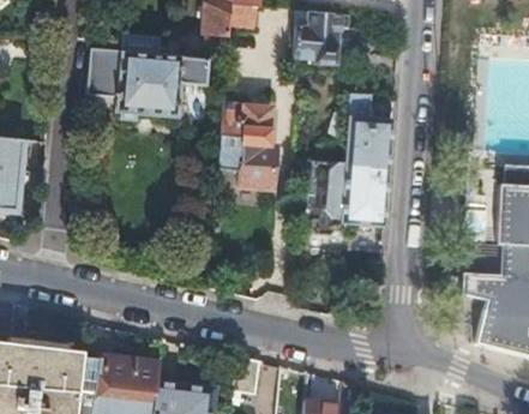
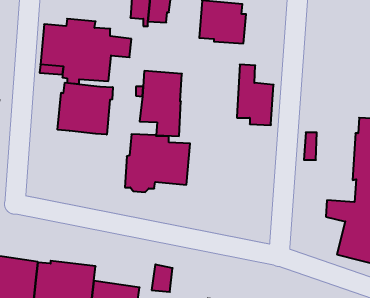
building: none -> [58,83,113,135]
building: [303,161,389,236] -> [125,134,190,192]

